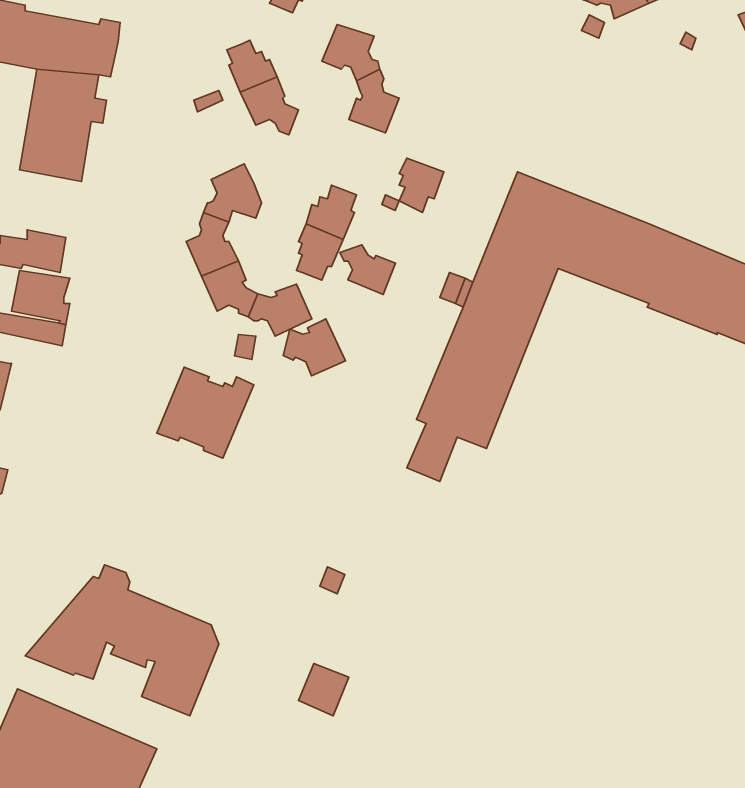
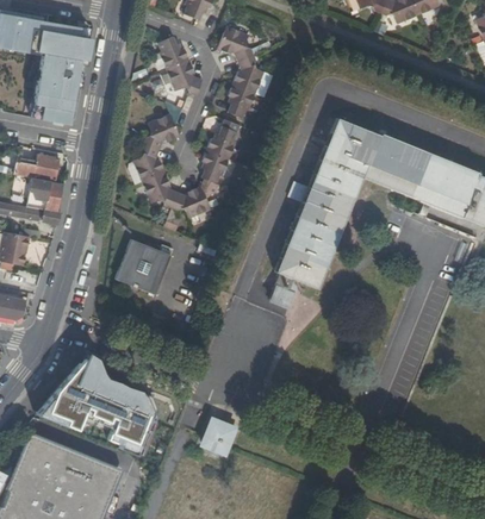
building: [399,158,444,212] -> [229,86,256,119]
building: [340,245,395,295] -> none
building: [283,319,345,376] -> none

